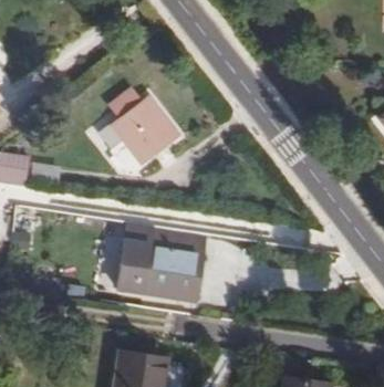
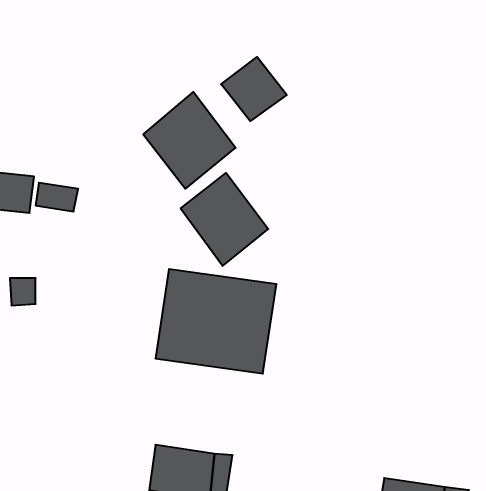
building: none -> [221,57,287,121]
building: none -> [181,173,268,266]

